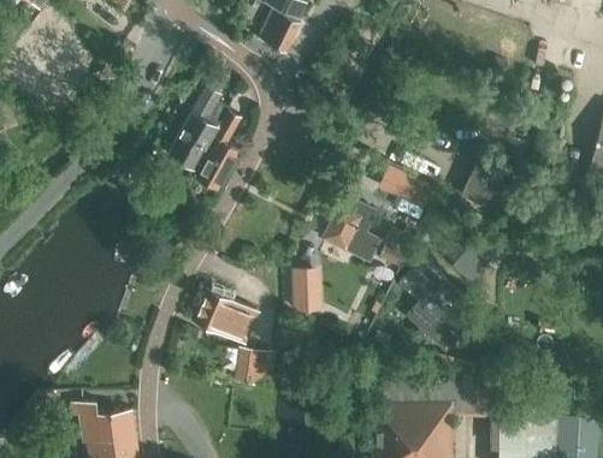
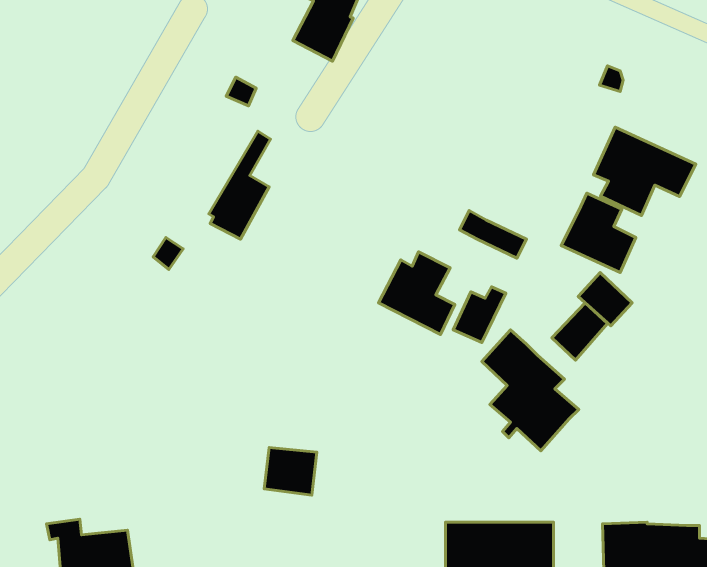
building: [167,87,231,171] -> none
building: none -> [594,127,696,215]
building: none -> [578,273,632,326]
building: [292,267,320,310] -> none
building: [194,290,256,344] -> none

